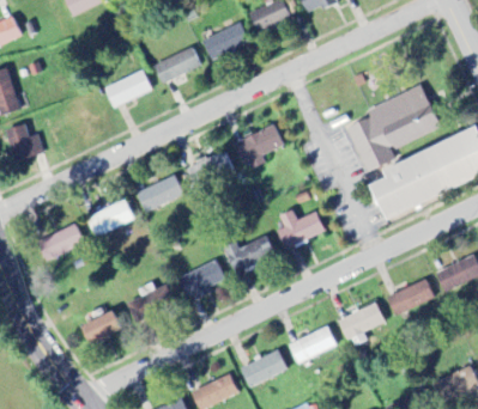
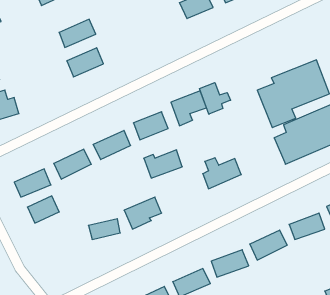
building: [202,22,249,59] -> none
building: [153,47,200,83] -> [59,19,96,47]
building: none -> [199,83,231,114]
building: [225,236,274,271] -> [144,150,182,178]
building: [79,311,120,346] -> [27,196,59,223]

